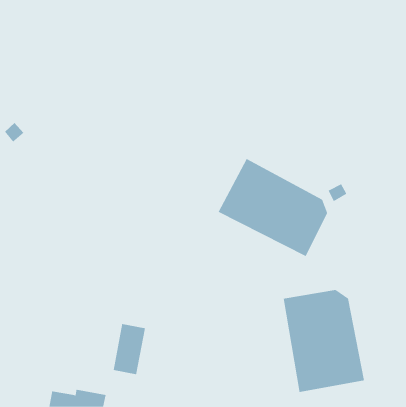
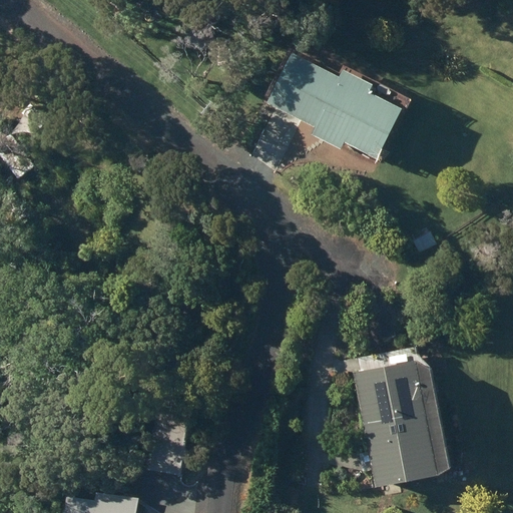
building: none -> [270,55,405,161]
building: [218,158,328,257] -> none

